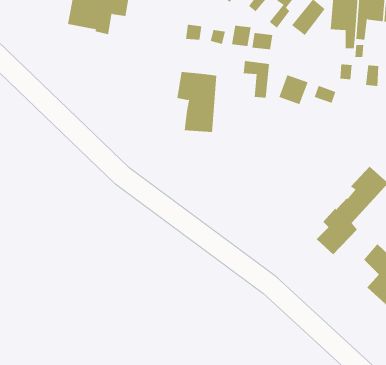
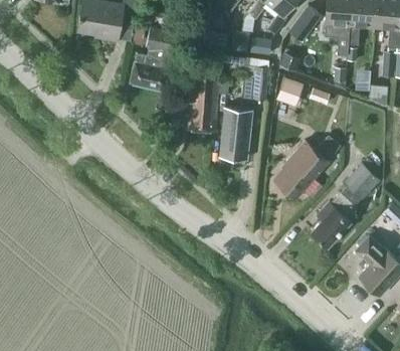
building: none -> [130,27,174,90]
building: none -> [218,107,252,159]
building: none -> [274,135,341,197]

